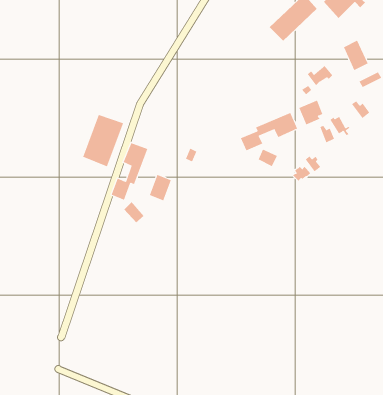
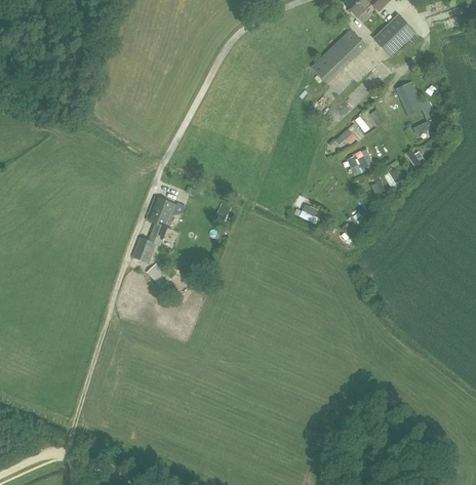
building: [240,112,298,151] -> none
building: [82,114,124,167] -> none
building: [149,174,171,201] -> none

